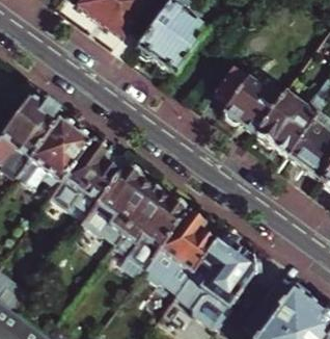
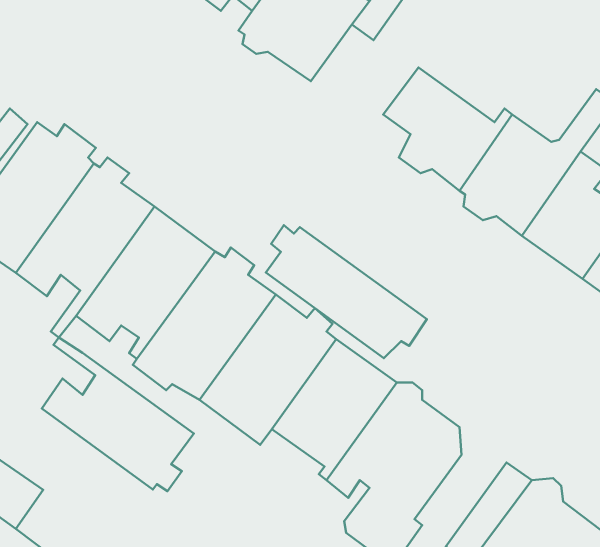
building: none -> [266,225,427,358]
building: none -> [42,337,194,491]

